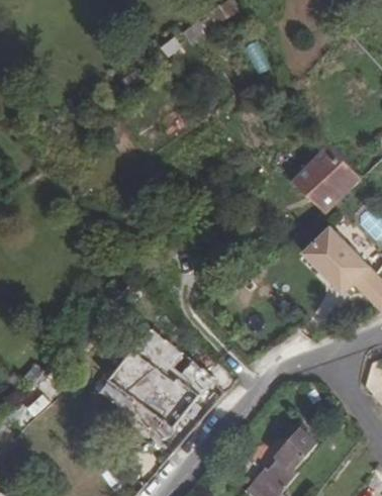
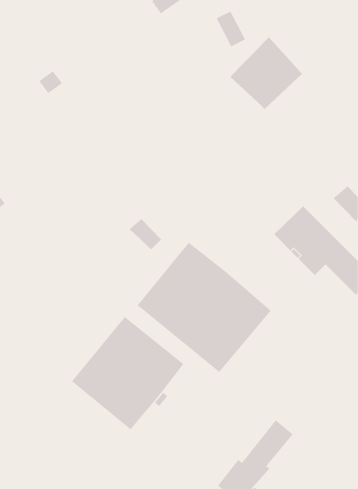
building: [290,142,360,212] -> [229,36,303,110]
building: none -> [137,242,272,373]

